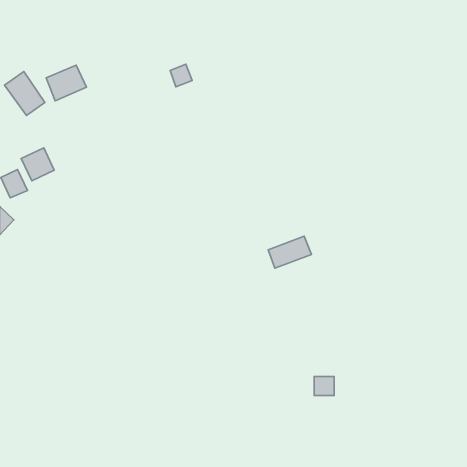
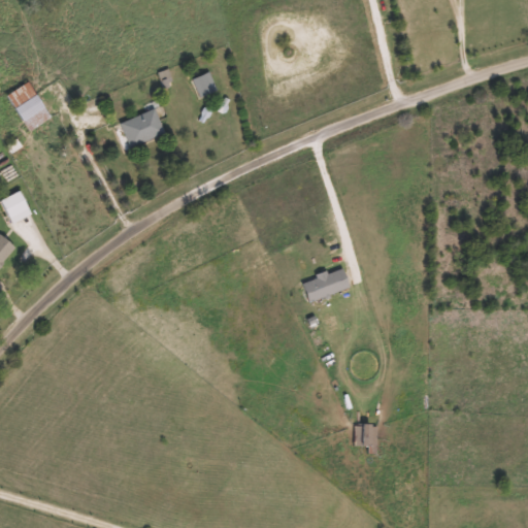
building: [46,65,86,101] -> [120,108,165,148]
building: [21,148,54,181] -> none

